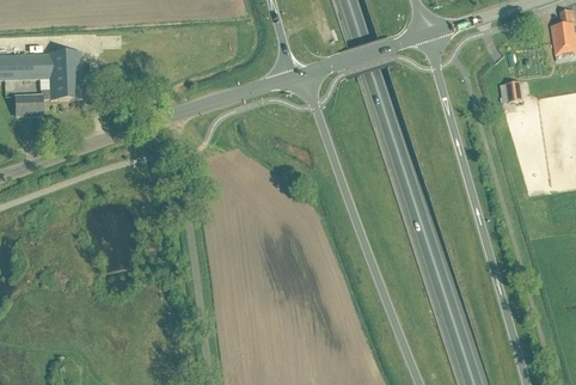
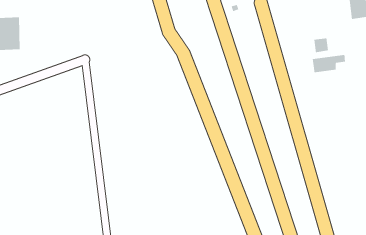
building: none -> [312,54,345,73]

